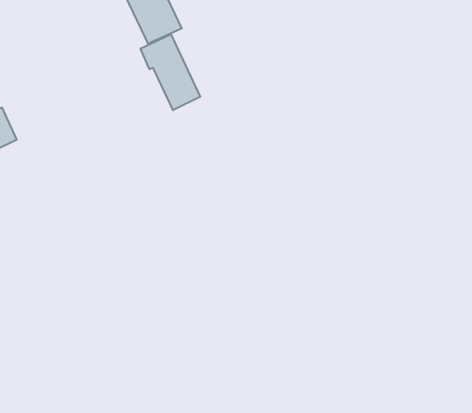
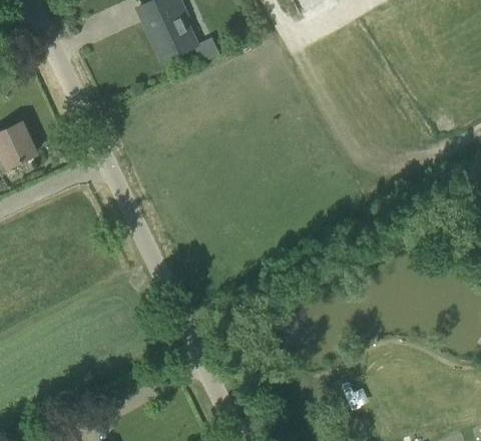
building: [141,34,200,110] -> none

